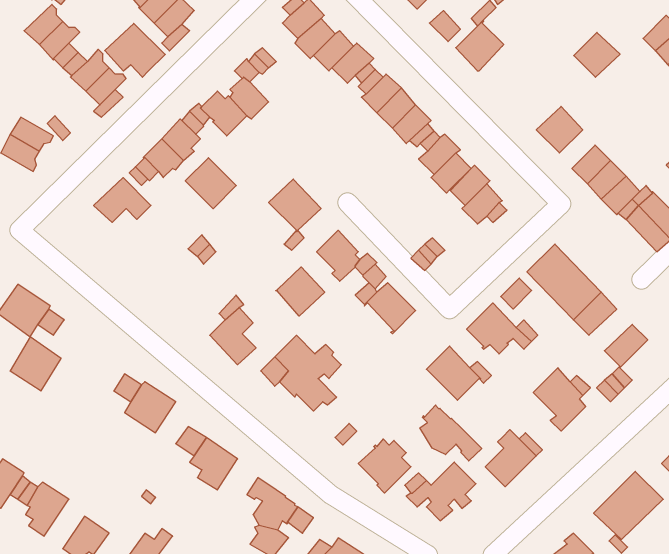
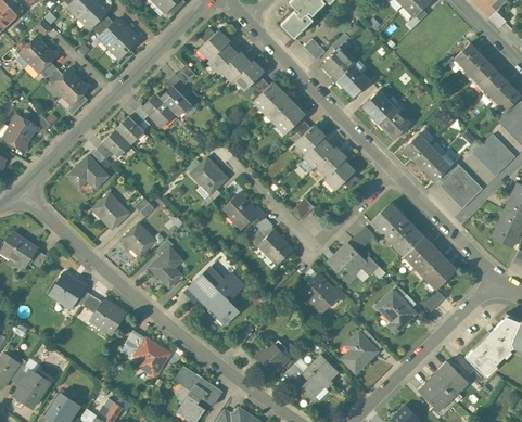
building: [105,23,165,77] -> none
building: [574,32,620,77] -> [362,91,395,123]
building: none -> [338,64,370,98]
building: [185,158,236,209] -> [92,193,128,229]
building: [276,267,325,316] -> none
building: none -> [122,223,155,256]
building: none -> [415,248,445,278]
building: [10,337,61,391] -> [49,271,85,309]
building: [420,405,482,461] -> none

